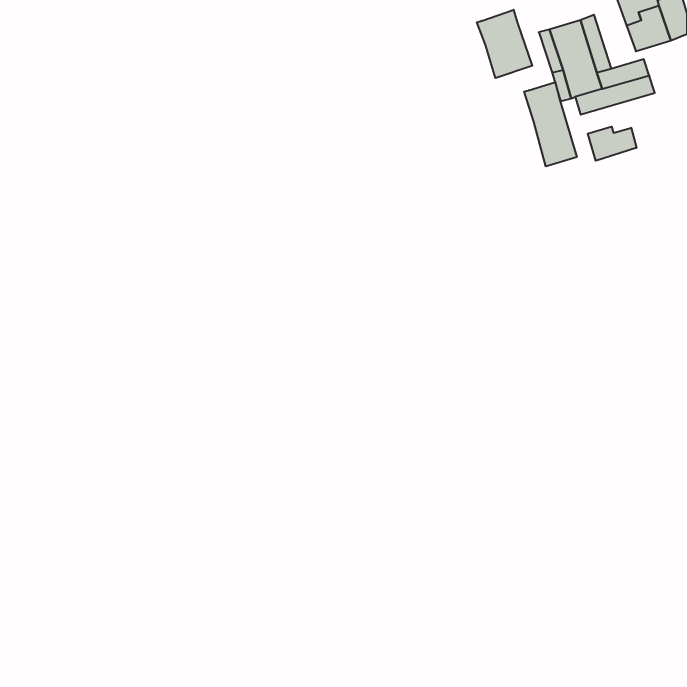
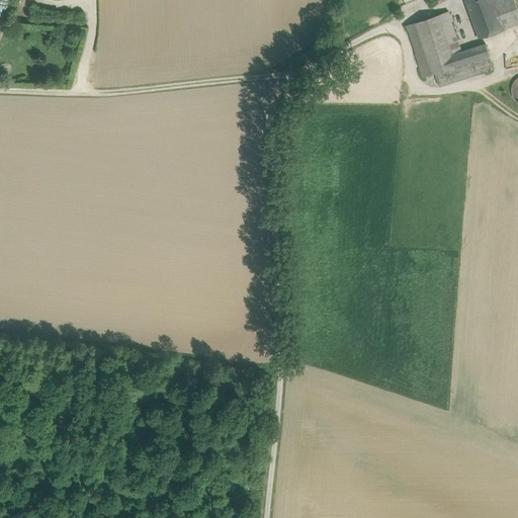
building: [477,10,532,78] -> none
building: [524,82,577,166] -> none
building: [588,127,636,161] -> none

